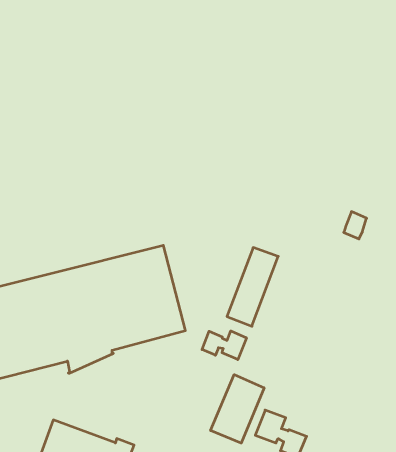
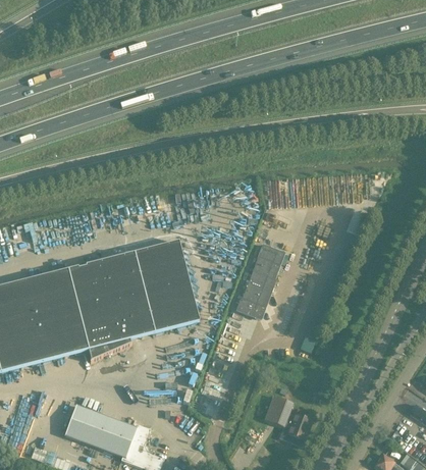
building: [202,331,246,360] -> none
building: [211,375,264,443] -> none

